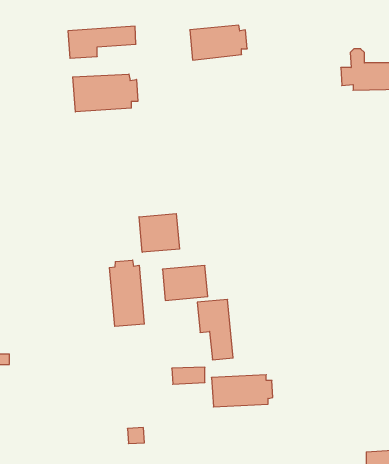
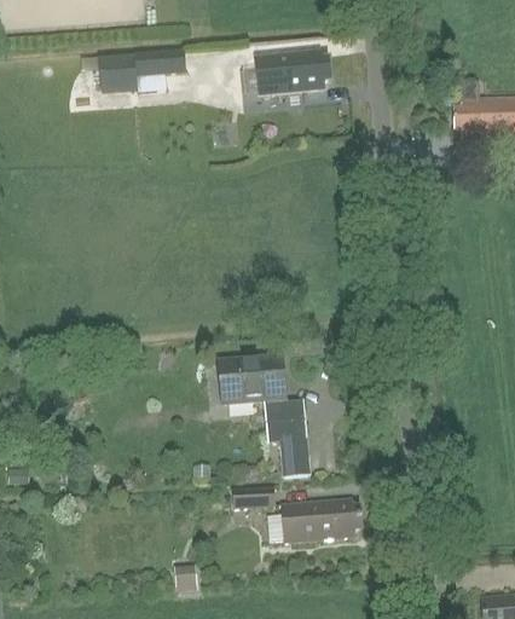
building: [73,74,138,112] -> none
building: [139,214,179,252] -> none
building: [109,260,144,326] -> none

